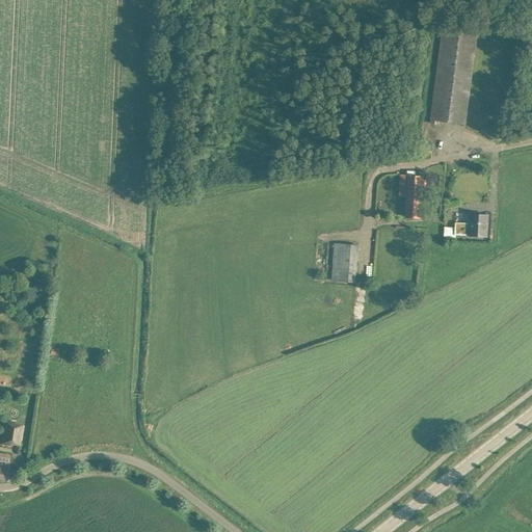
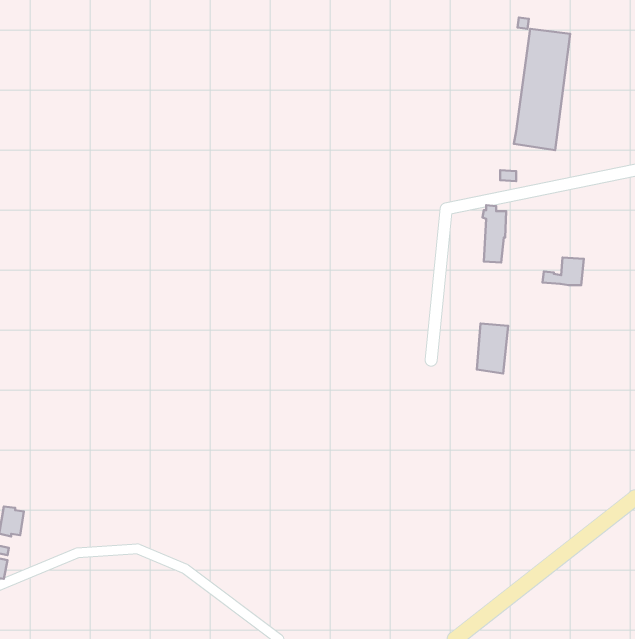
building: [328,243,354,285] -> [477,323,508,373]

